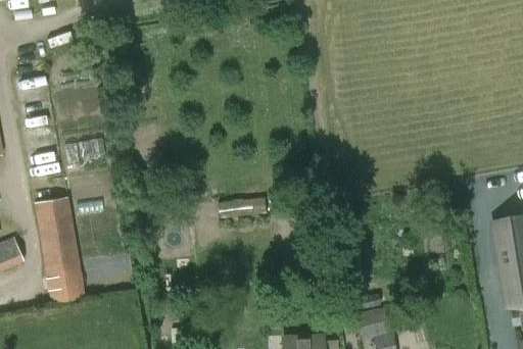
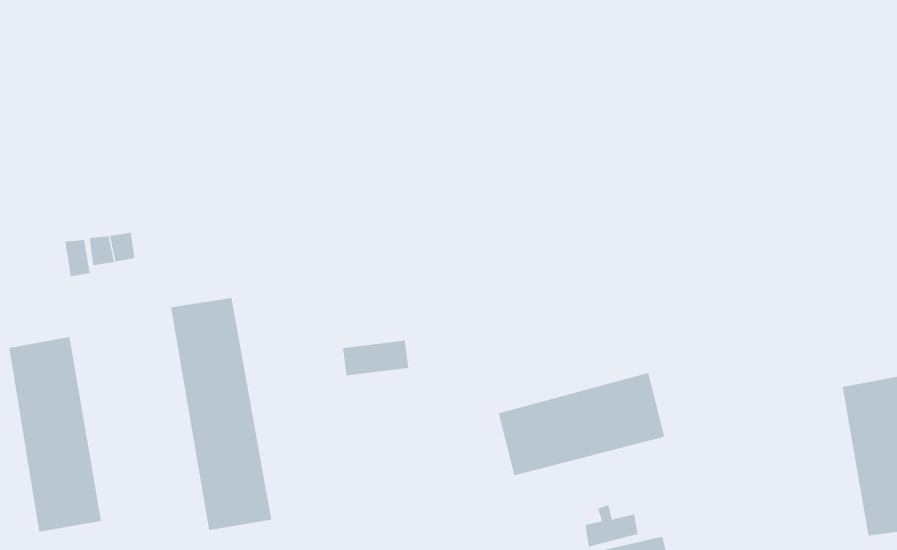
building: none -> [171,297,272,531]
building: none -> [498,372,665,476]

